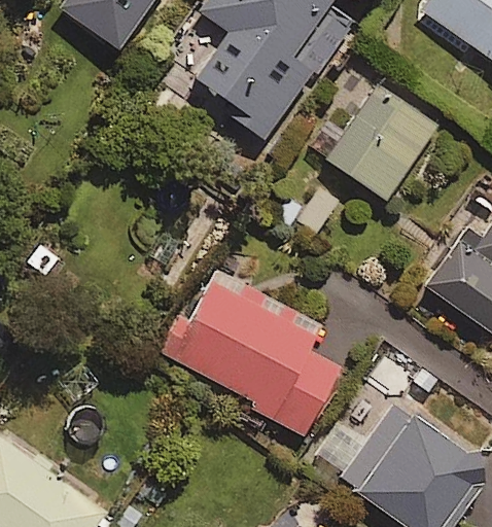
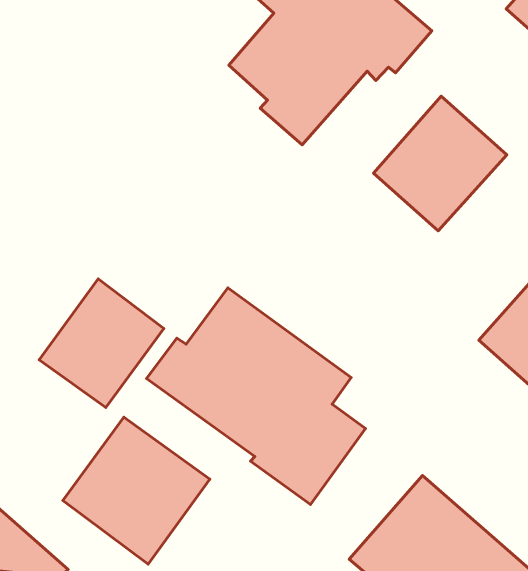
building: none -> [39,279,164,408]
building: none -> [63,417,210,564]

